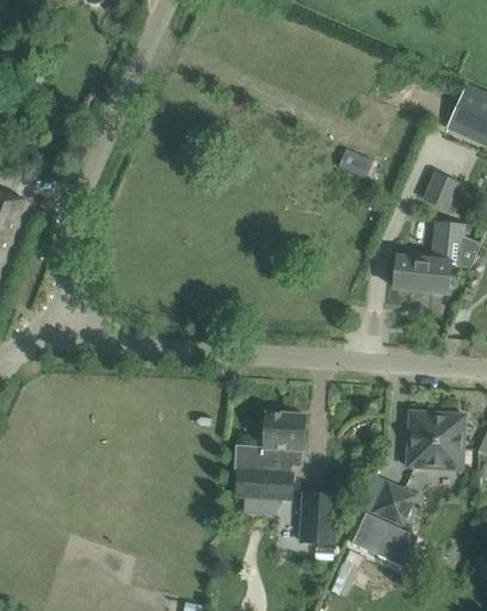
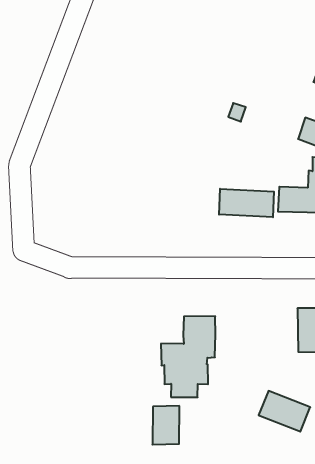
building: none -> [219,189,274,217]
building: [371,480,417,525] -> none
building: [300,495,337,544] -> [152,406,179,445]

